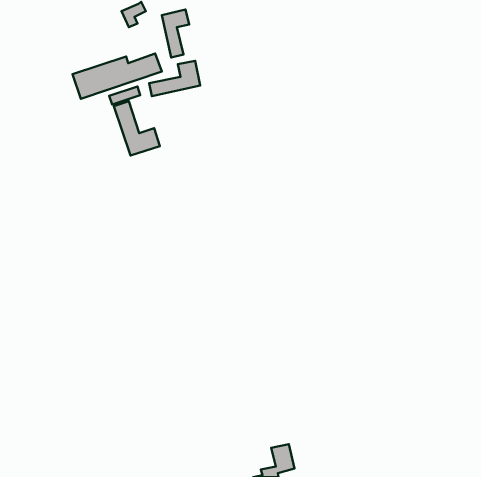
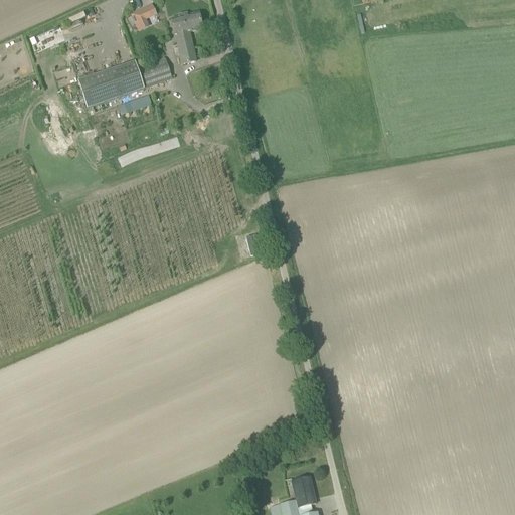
building: [149,61,200,96] -> none
building: [114,101,160,155] -> none

